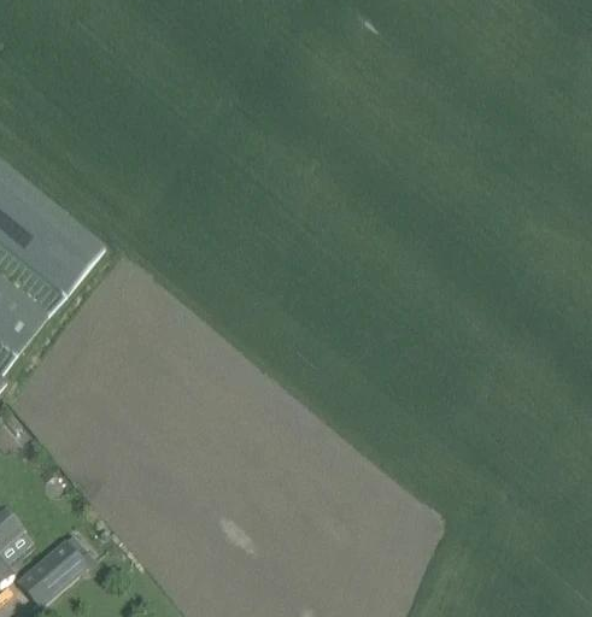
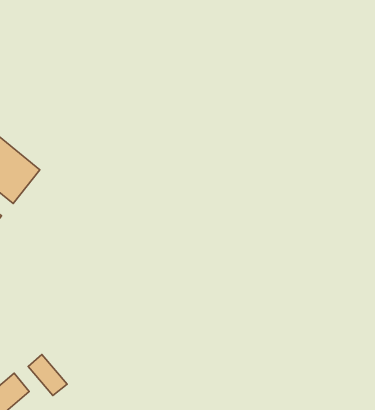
building: none -> [28,354,67,396]

